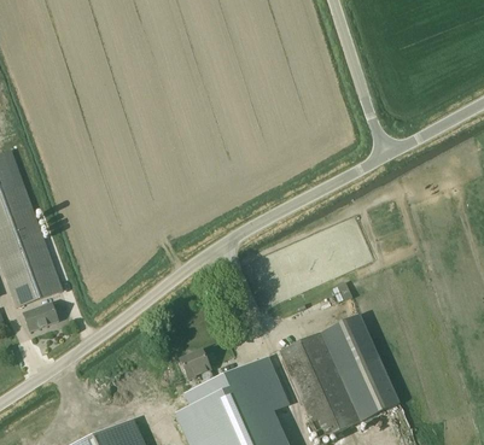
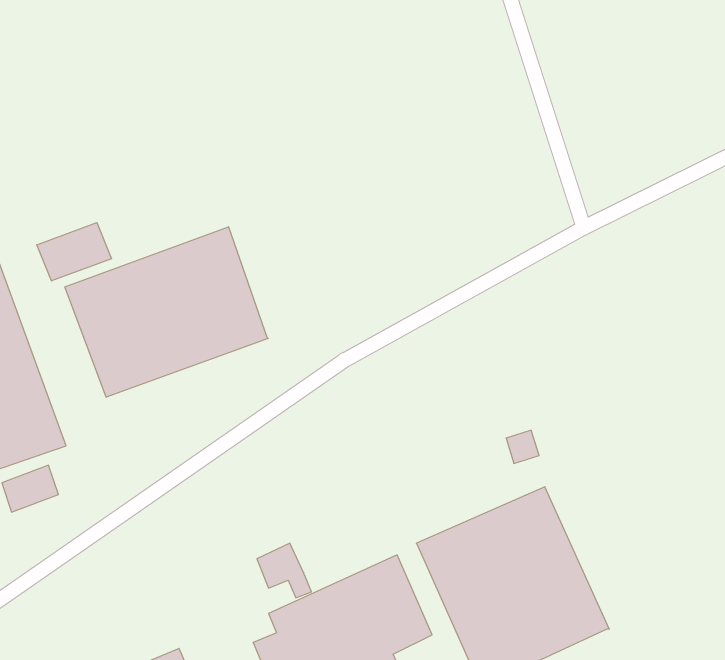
building: none -> [37,223,112,281]
building: none -> [65,227,268,397]

